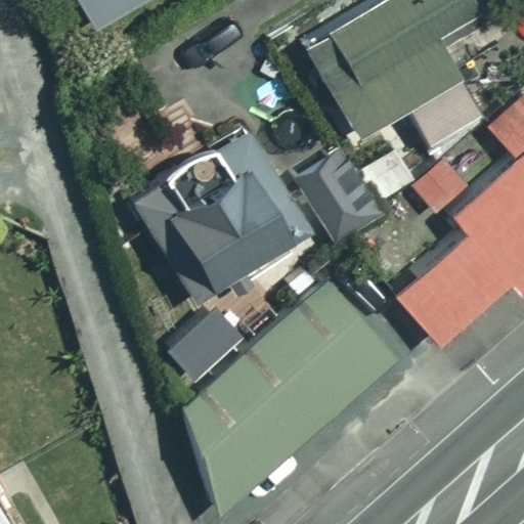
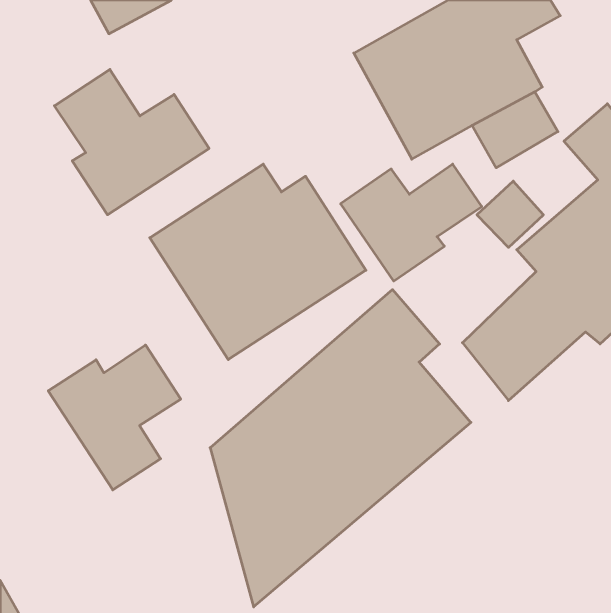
building: none -> [54,69,209,215]
building: none -> [48,345,181,490]

